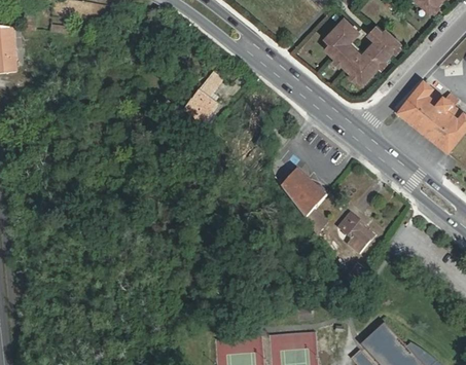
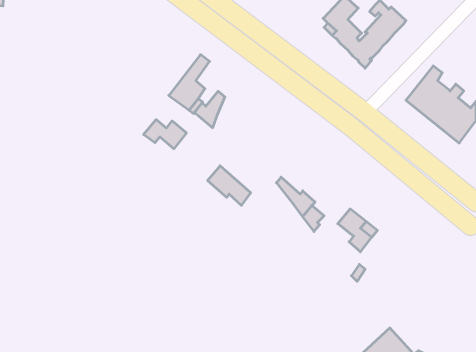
building: none -> [194,91,225,128]
building: none -> [144,120,186,149]
building: [286,171,325,207] -> [208,166,251,205]

